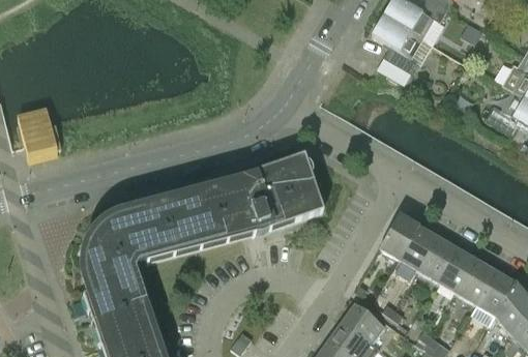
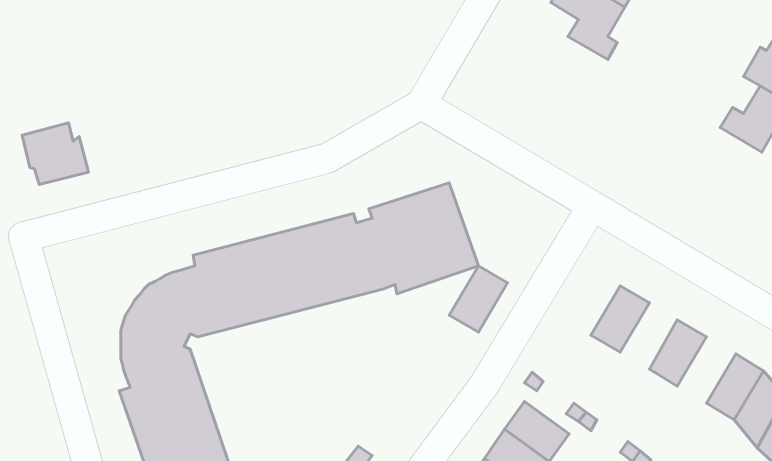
building: [380,213,419,258] -> [449,266,508,332]
building: [419,236,458,280] -> none
building: [458,259,497,303] -> none

